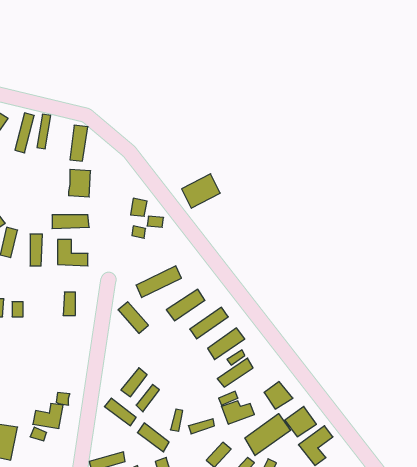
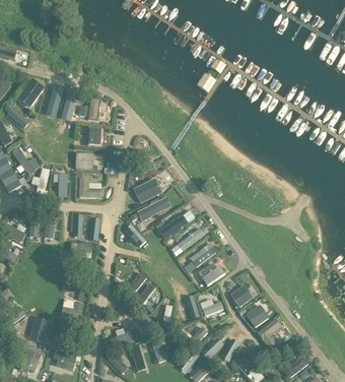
building: [182,174,220,208] -> [133,178,161,203]
building: [245,414,290,456] -> none

